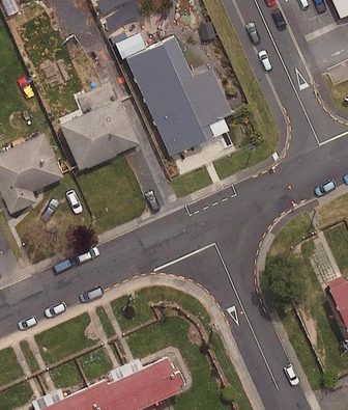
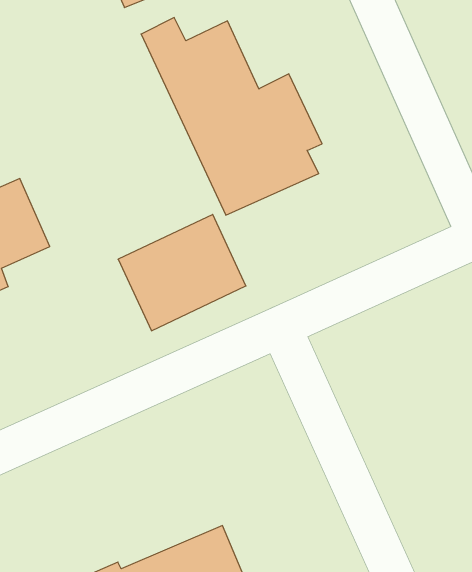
building: [60,98,140,170] -> [118,214,246,331]

